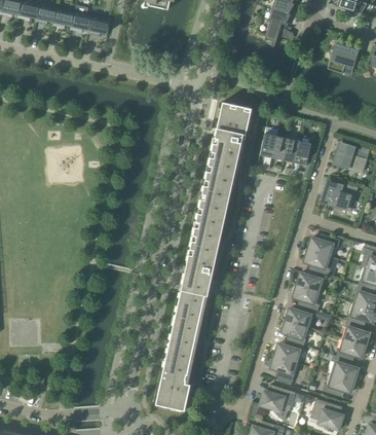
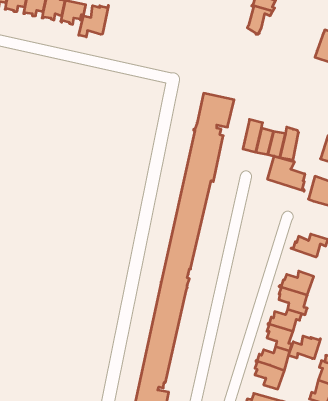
building: none -> [79,5,108,37]
building: none -> [268,156,305,191]
building: [305,249,332,277] -> none
building: none -> [289,336,320,359]

